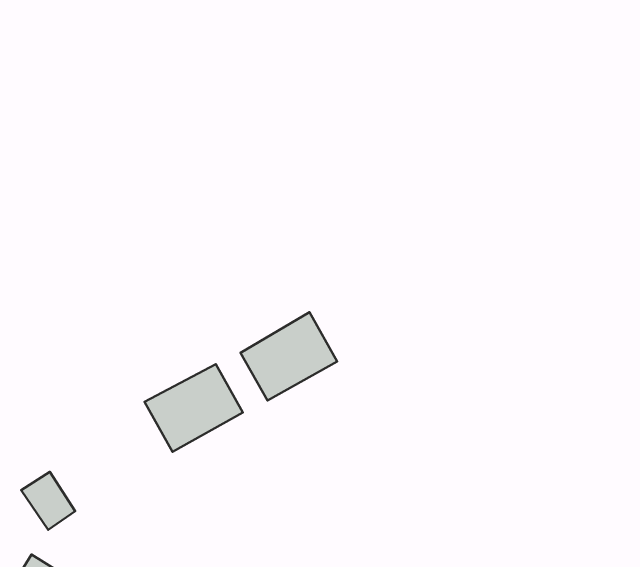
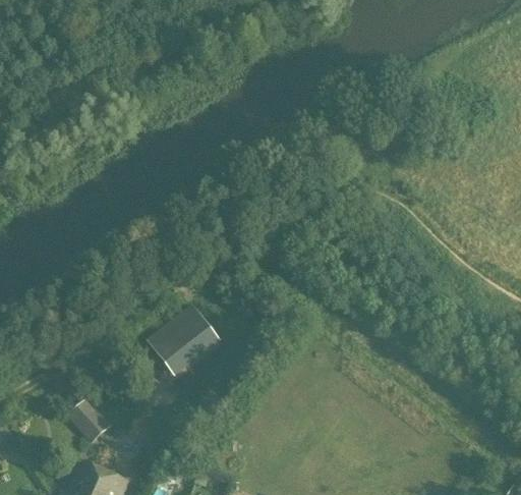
building: [241,312,337,401] -> none

